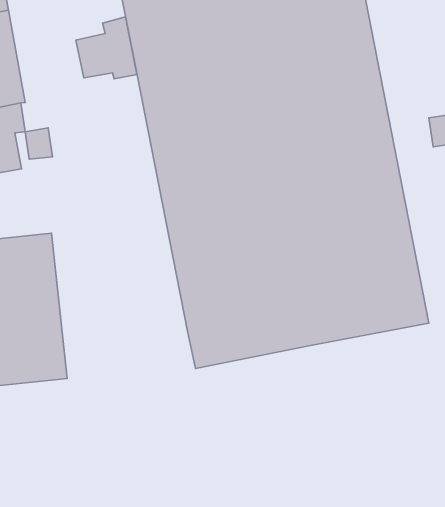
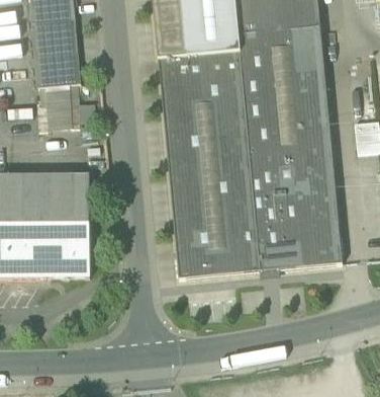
building: [76,17,137,79] -> none

